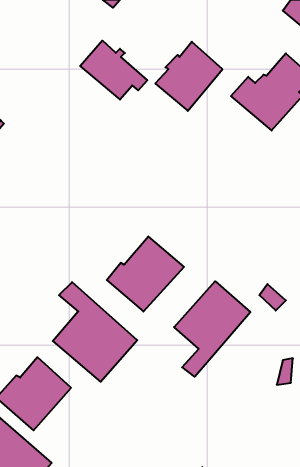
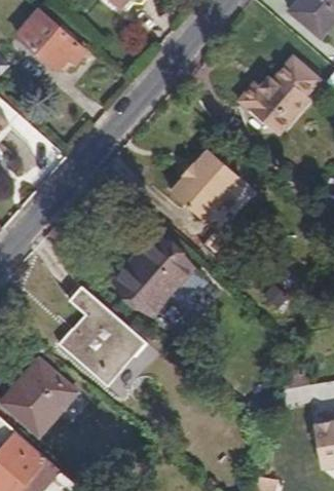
building: [80,41,147,100] -> [20,13,87,73]
building: [155,42,222,111] -> [172,151,239,221]
building: [174,281,250,377] -> none

